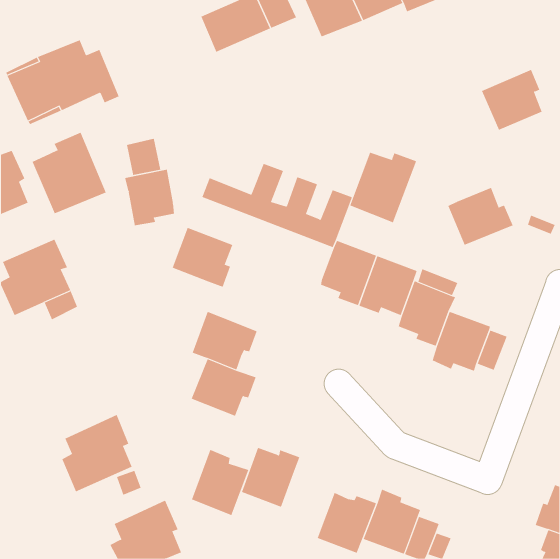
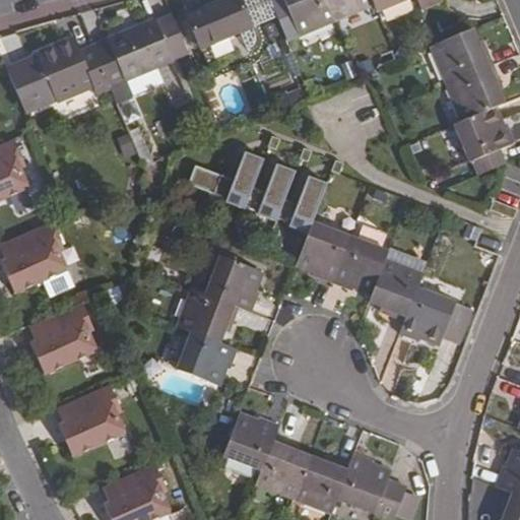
building: none -> [92,12,188,103]
building: none -> [431,28,493,84]
building: [32,132,106,214] -> none
building: [350,152,417,223] -> none
building: [125,169,175,226] -> none
building: [448,187,513,245] -> [454,108,515,161]
building: [172,227,233,287] -> [205,256,262,312]
building: none -> [29,303,95,375]
building: [191,449,249,516] -> [256,437,310,499]

